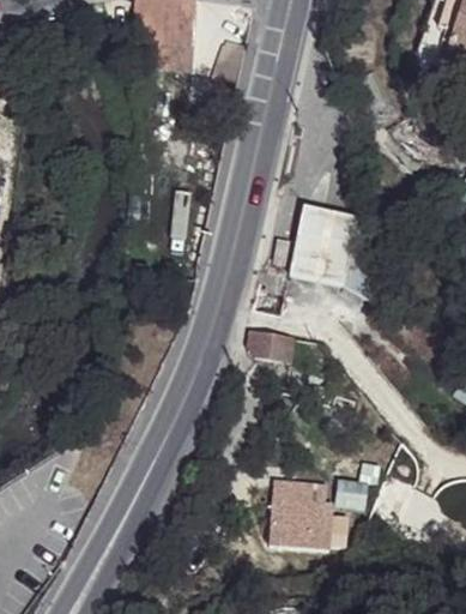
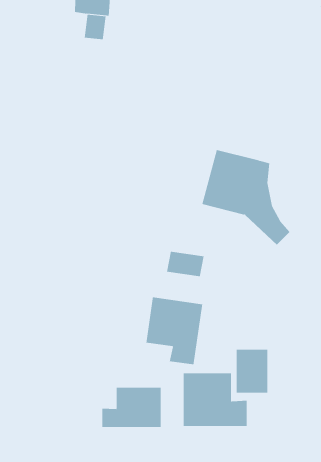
building: none -> [146,297,203,365]
building: none -> [102,387,161,428]

